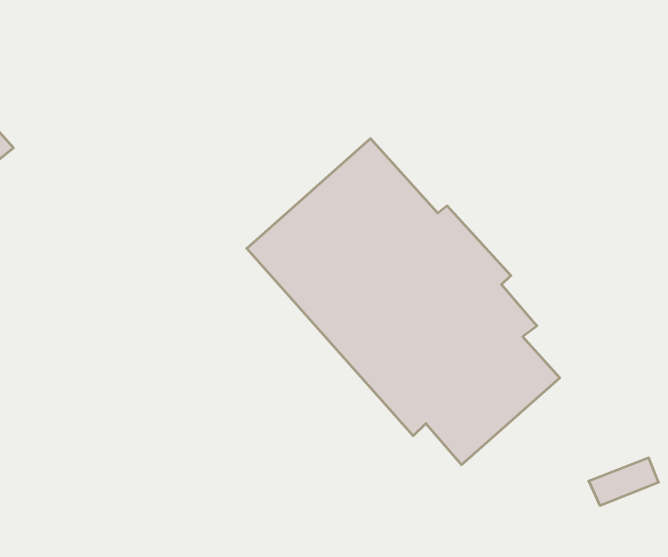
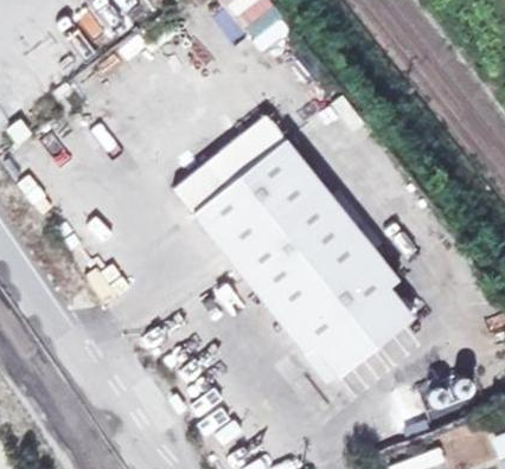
building: none -> [175,116,286,213]

